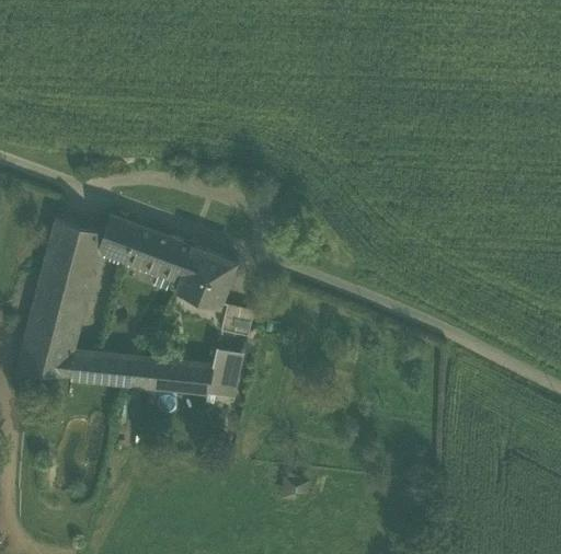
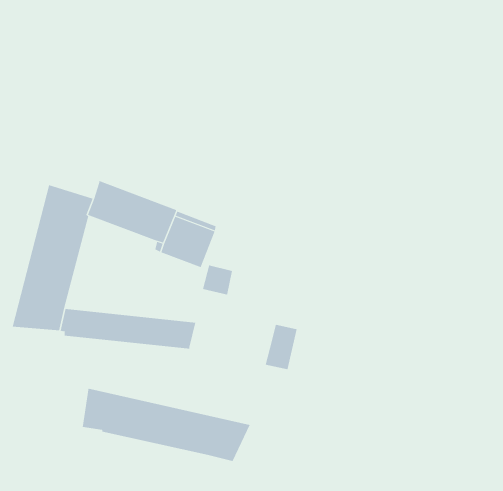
building: [208,350,243,400] -> [265,324,297,370]
building: none -> [82,388,250,462]

